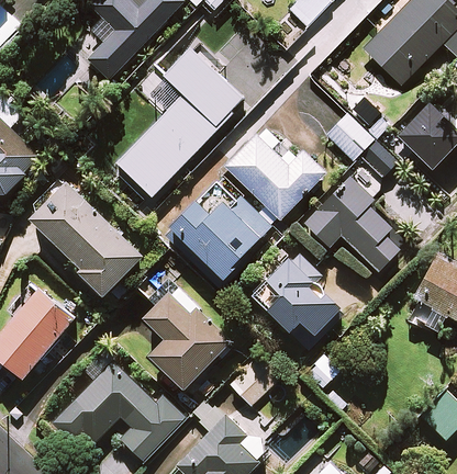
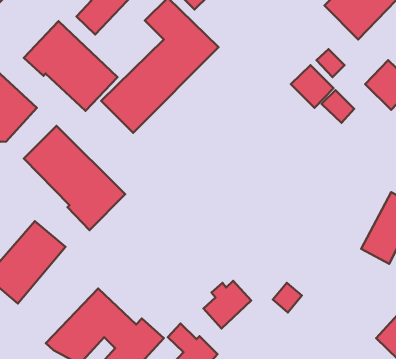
building: none -> [24,21,118,111]
building: [224,128,323,221] -> none
building: [304,178,400,272] -> none
building: [171,198,270,279] -> none
building: [250,250,342,350] -> none
building: [135,269,228,388] -> none

